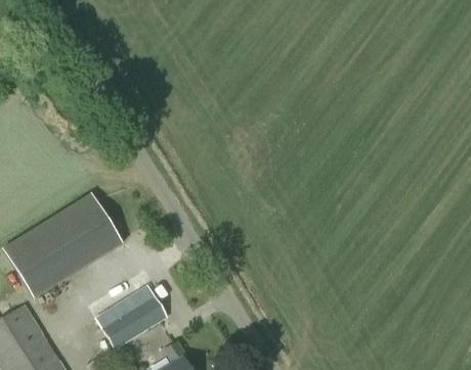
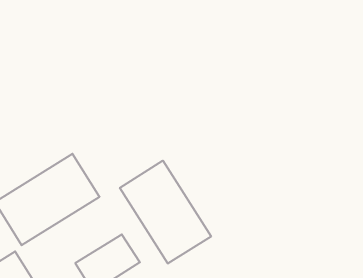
building: none -> [120,161,211,264]

